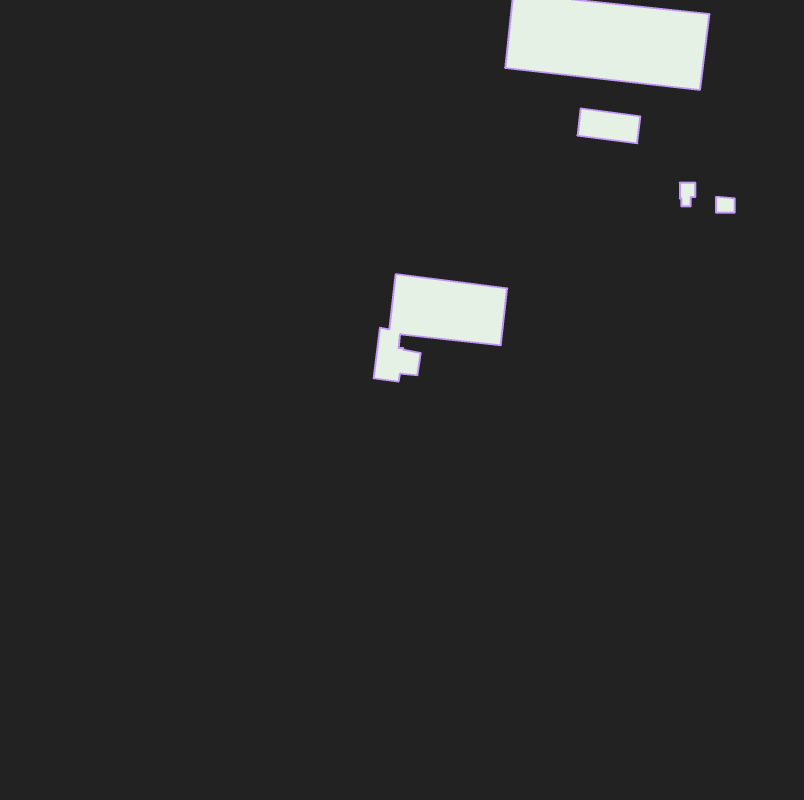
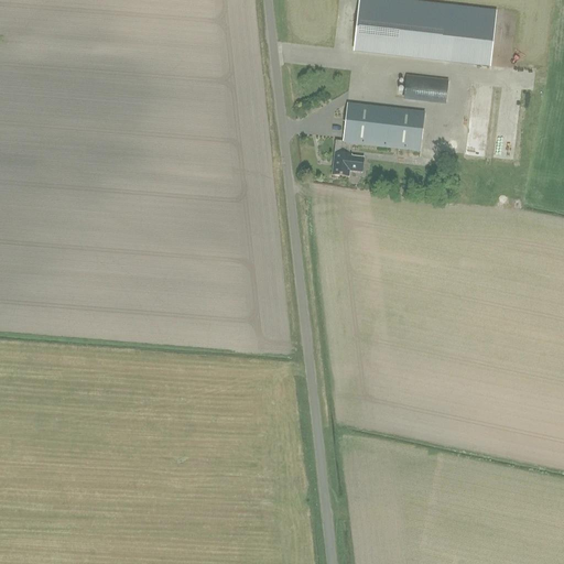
building: [374,274,507,381] -> [332,100,425,175]

